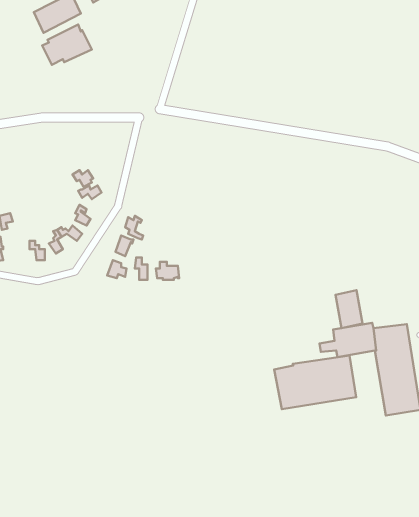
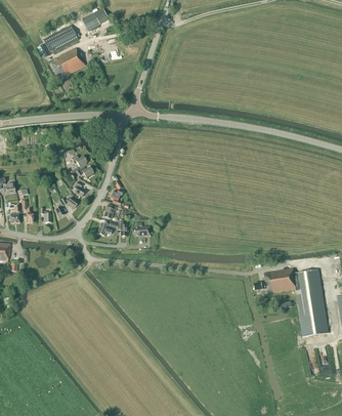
building: [336,290,362,328] -> none
building: [274,356,356,409] -> none

